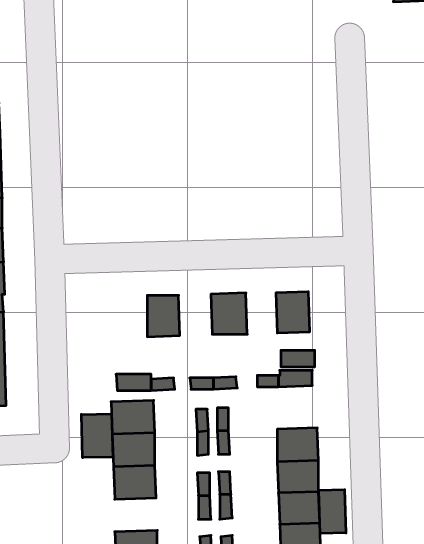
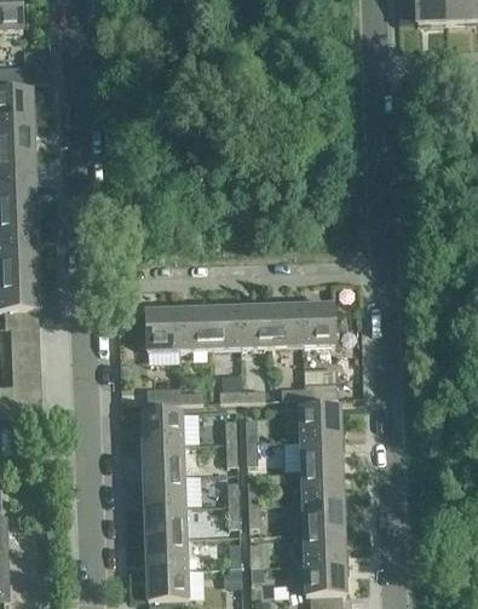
building: none -> [272,306,303,346]
building: none -> [207,308,240,347]
building: none -> [146,309,177,349]
building: none -> [301,406,341,438]
building: [81,414,113,458] -> none
building: [319,490,346,533] -> none
building: none -> [145,505,186,538]

